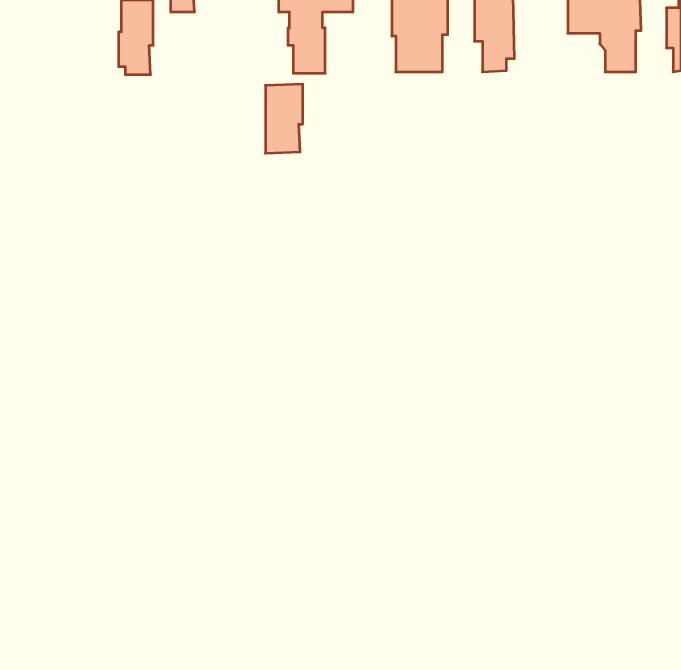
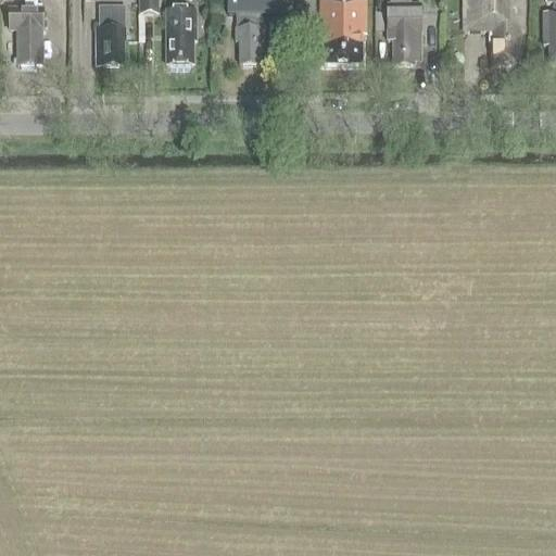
building: none -> [8,4,42,61]
building: [265,84,303,153] -> [165,4,195,61]

